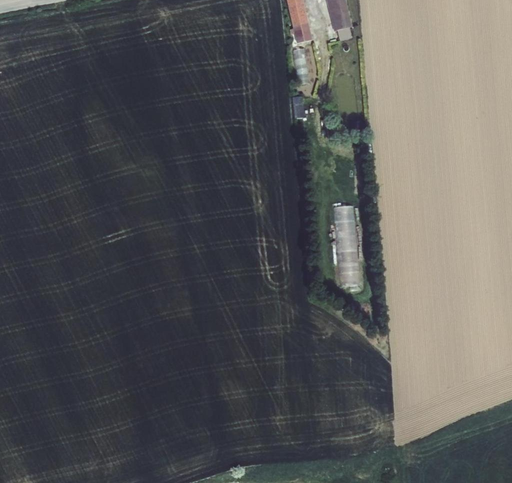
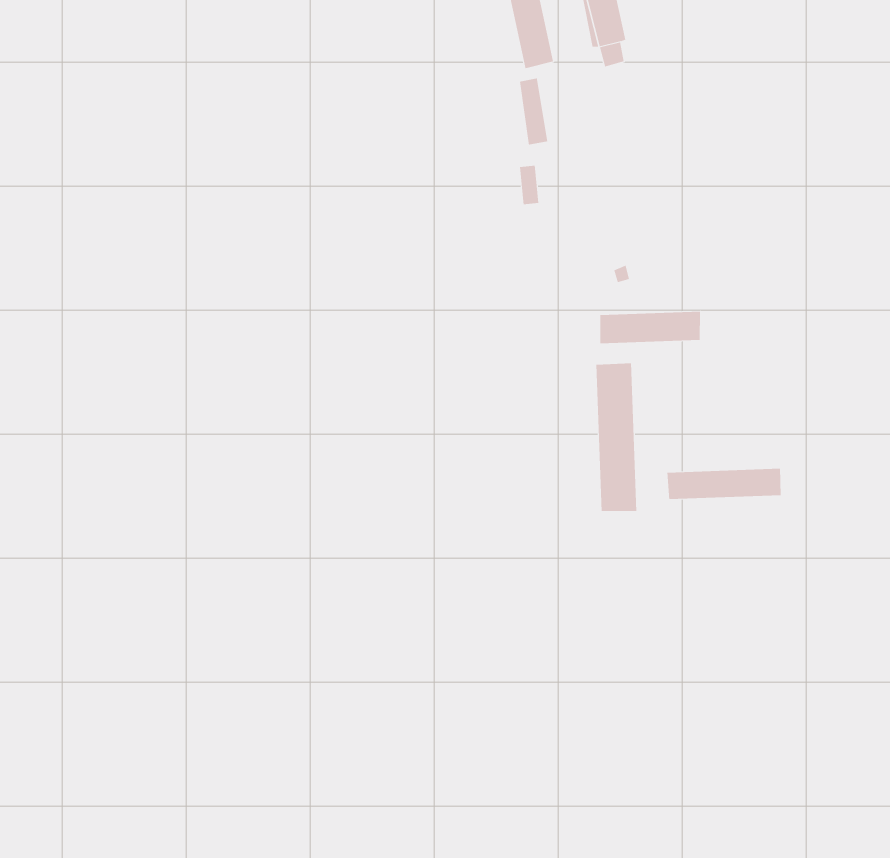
building: none -> [600,311,700,344]
building: none -> [667,468,781,500]

